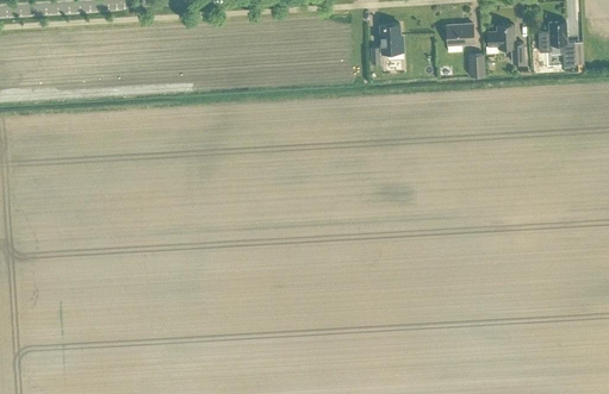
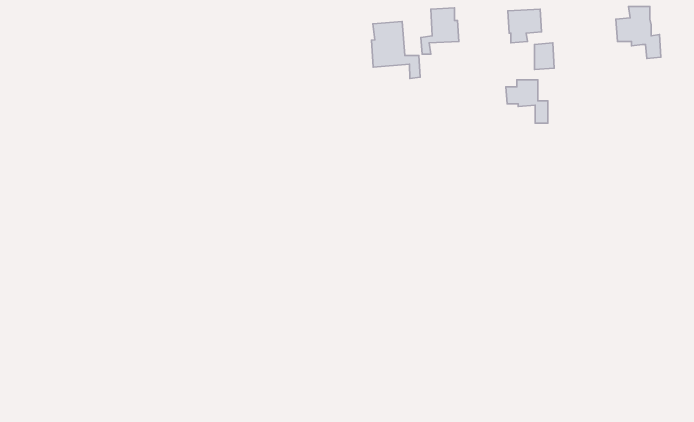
building: [487,26,523,63] -> [506,80,548,123]
building: none -> [371,21,420,79]

